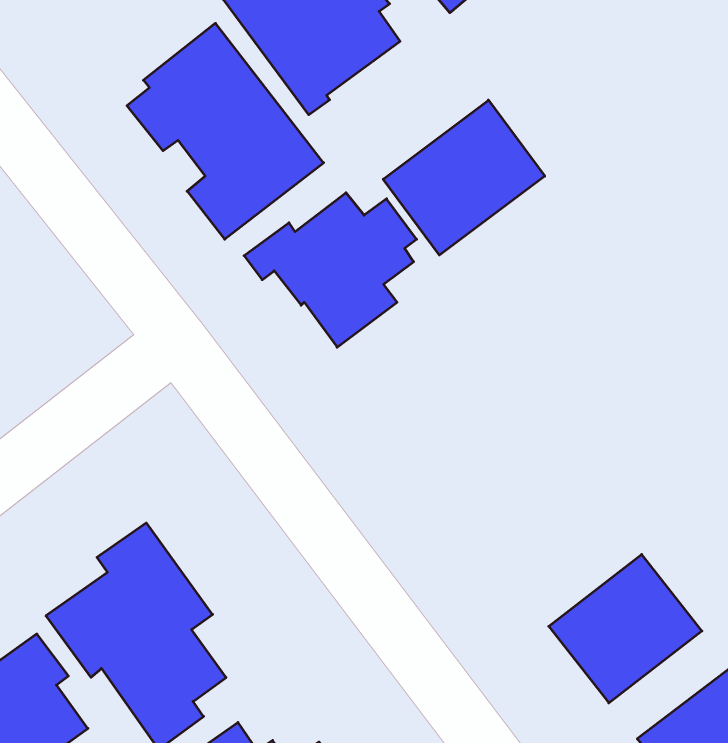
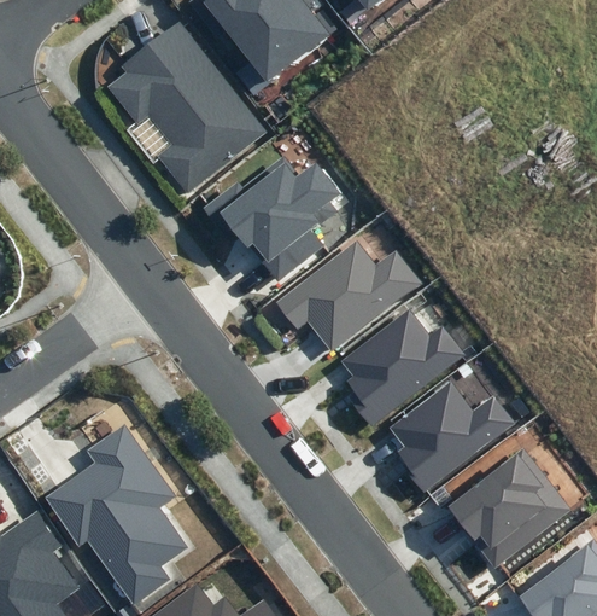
building: [383,100,545,255] -> none
building: none -> [276,240,423,353]
building: none -> [343,308,468,428]
building: none -> [388,382,516,494]

